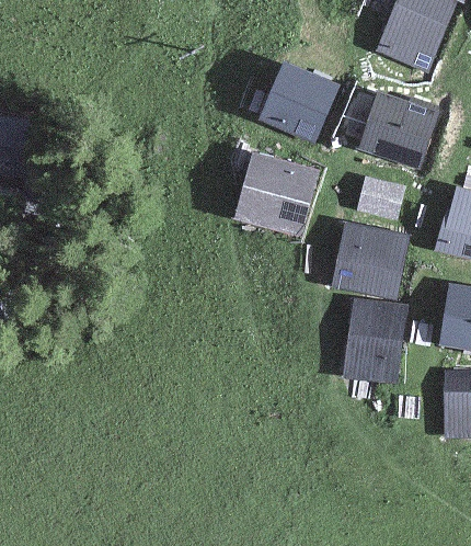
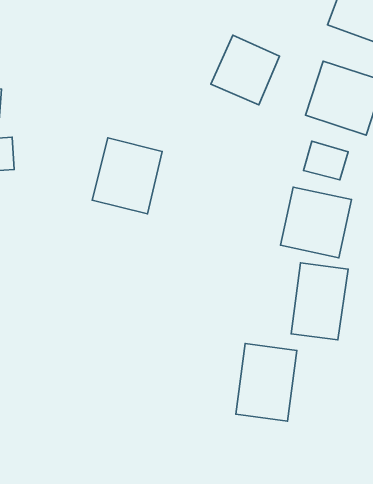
building: [246,151,320,231] -> [92,138,162,214]
building: none -> [236,344,297,421]

